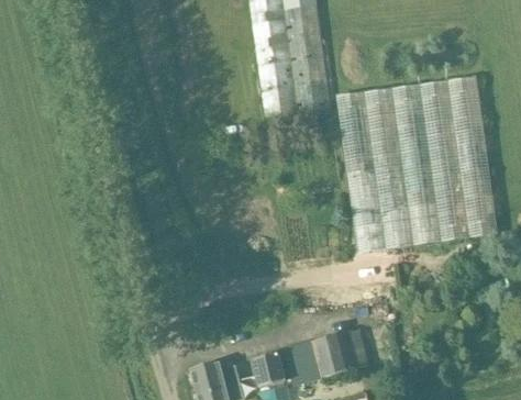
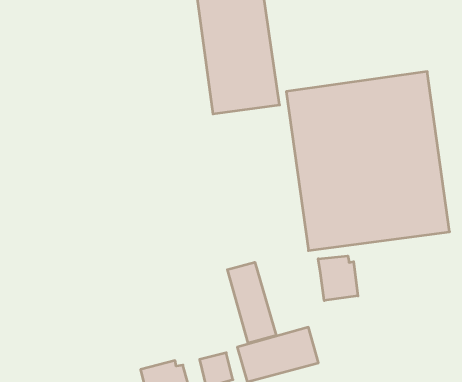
building: none -> [318,256,358,301]
building: none -> [227,262,276,343]

